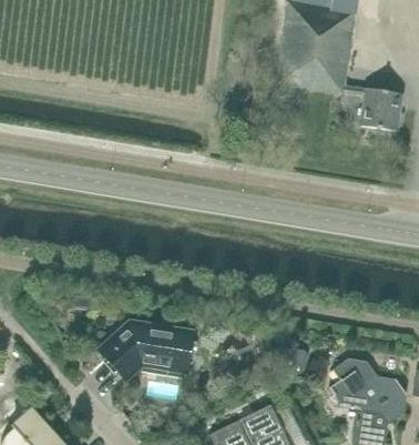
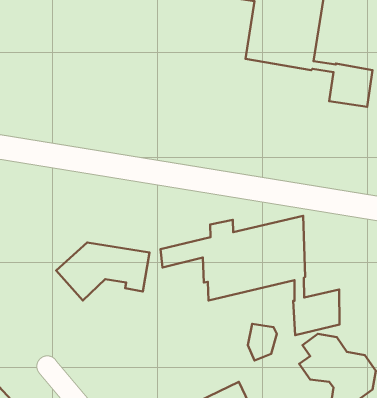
building: none -> [161,216,339,335]
building: [100,322,193,380] -> [56,243,150,300]

